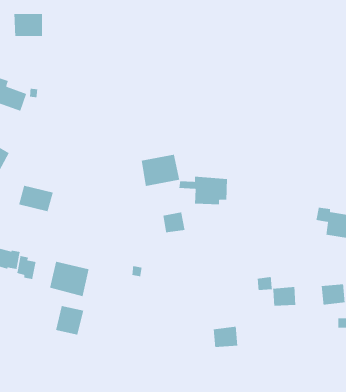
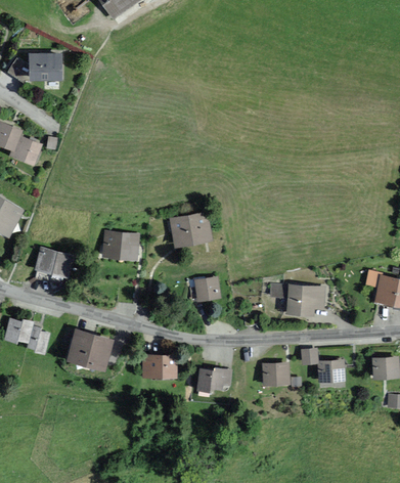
building: none -> [102,231,138,260]
building: [179,176,228,205] -> [269,280,324,313]
building: none -> [142,354,177,378]
building: none -> [197,369,229,392]
building: [55,305,84,336] -> none
building: [213,326,238,348] -> [261,362,290,387]

